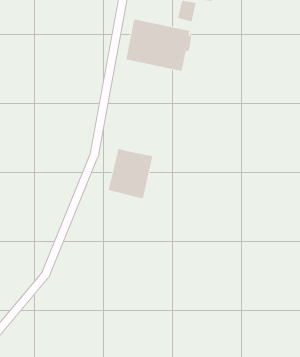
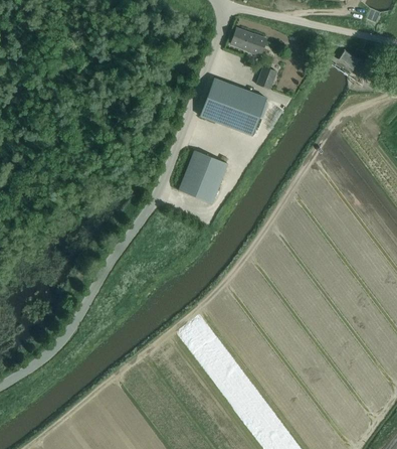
building: [108,148,153,199] -> [178,150,227,203]

